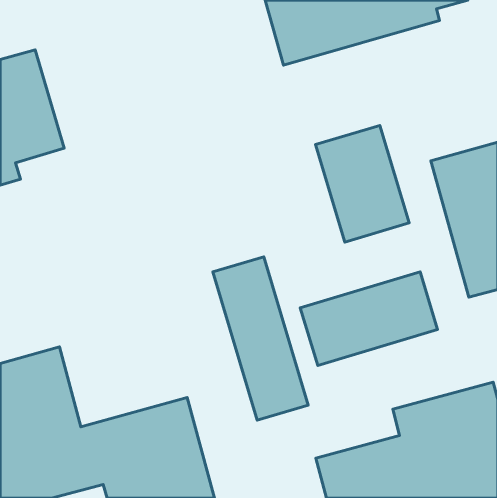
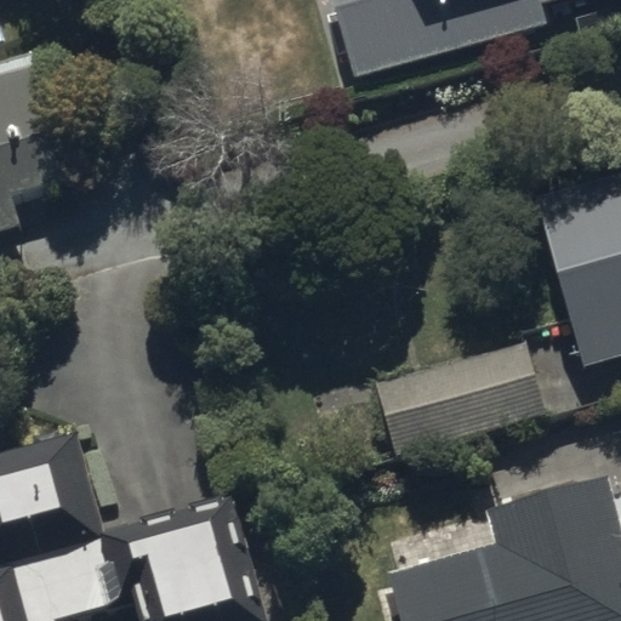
building: [316,125,409,242] -> none
building: [213,257,308,420] -> none

